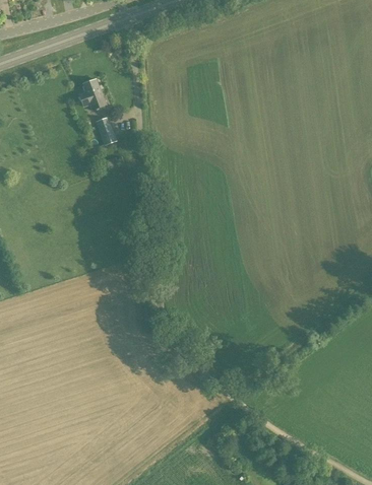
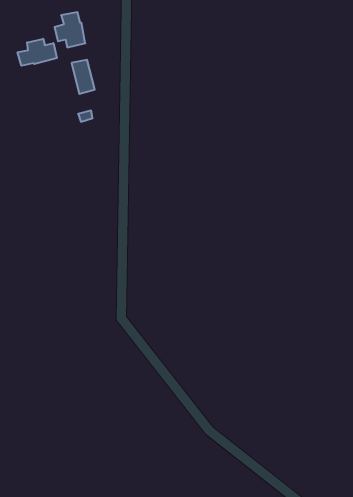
building: none -> [18,39,57,66]

